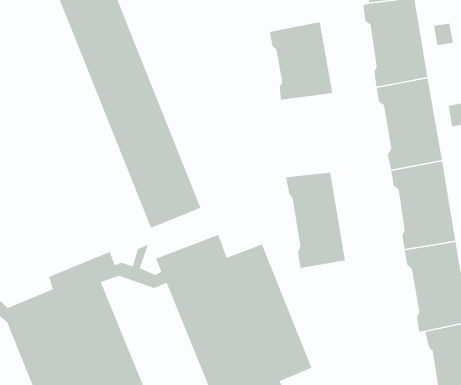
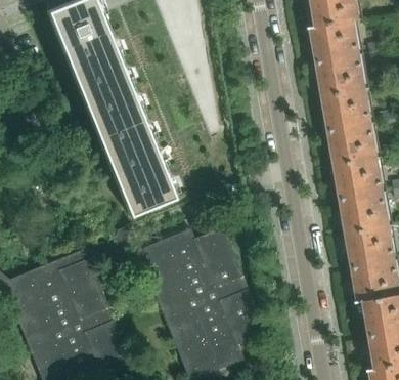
building: [269,22,333,100] -> none
building: [285,172,346,269] -> none

